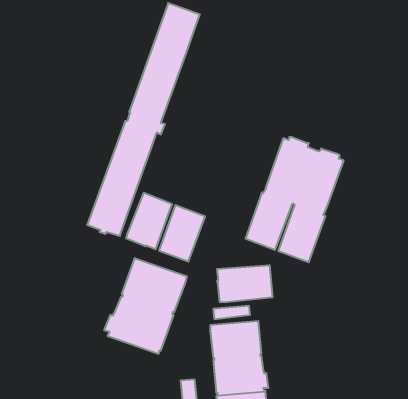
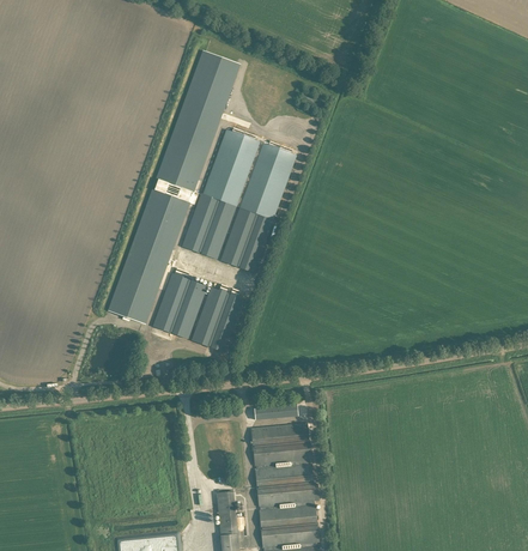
building: [245,137,344,262] -> [181,128,296,274]
building: [104,258,187,354] -> none
building: [217,265,273,302] -> none

